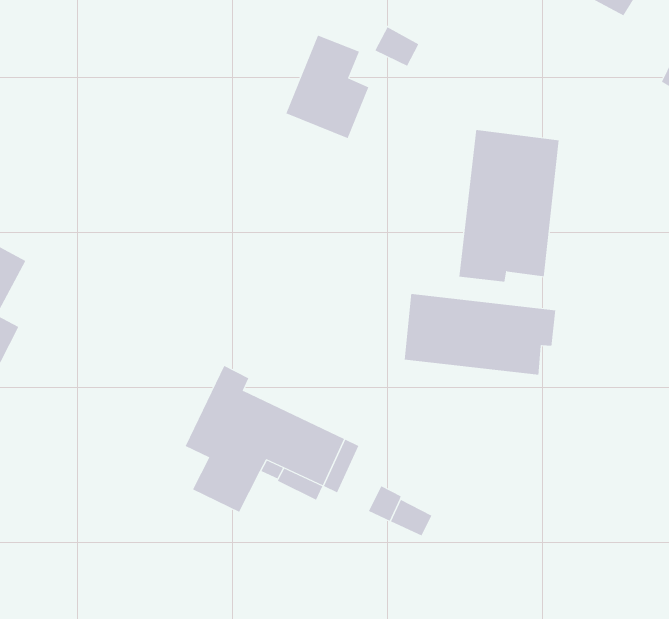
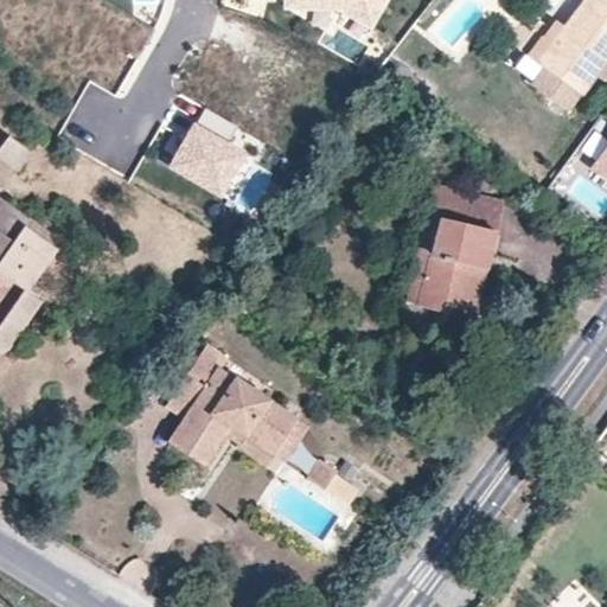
building: [286,35,369,139] -> [172,107,242,193]
building: [404,293,556,376] -> none

